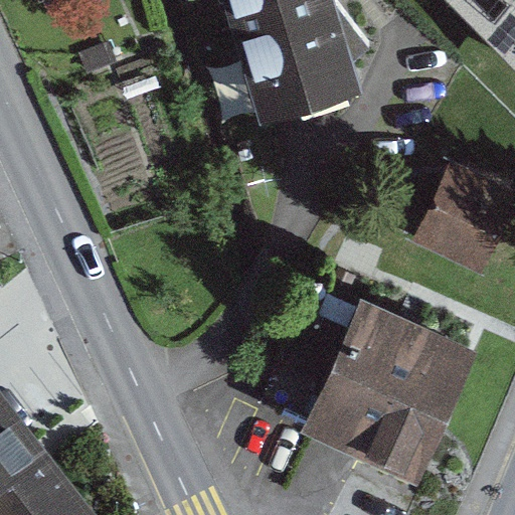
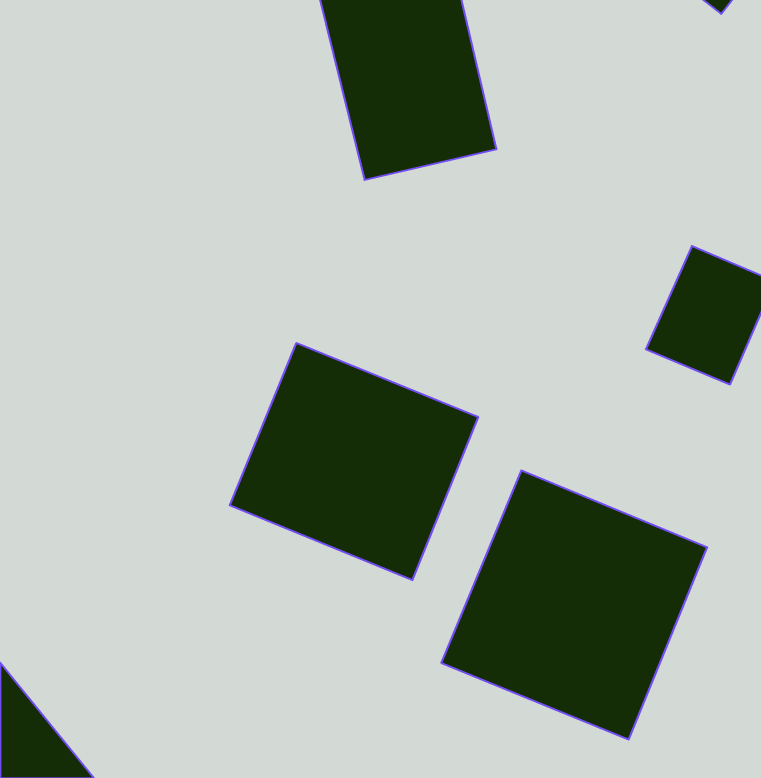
building: none -> [230,343,478,580]

